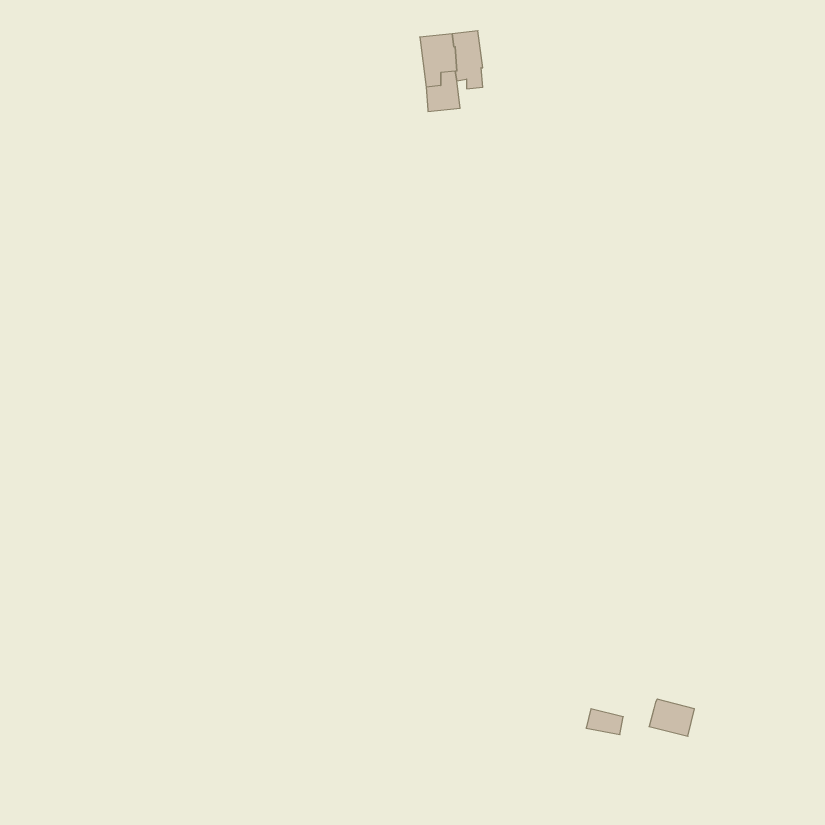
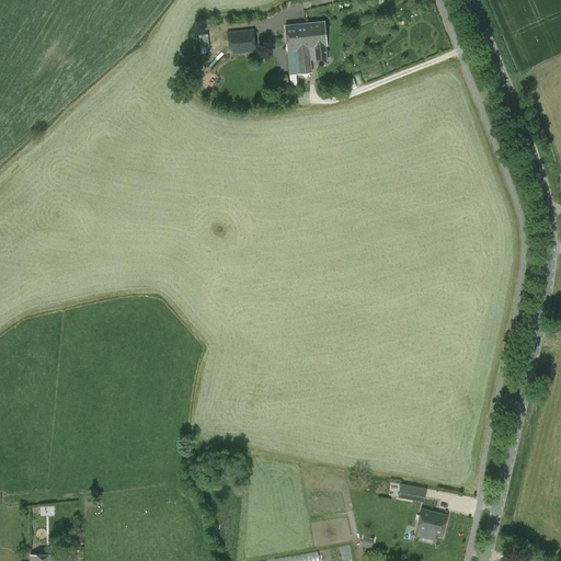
building: none -> [227,30,256,55]
building: [649,699,694,736] -> [416,510,447,535]

